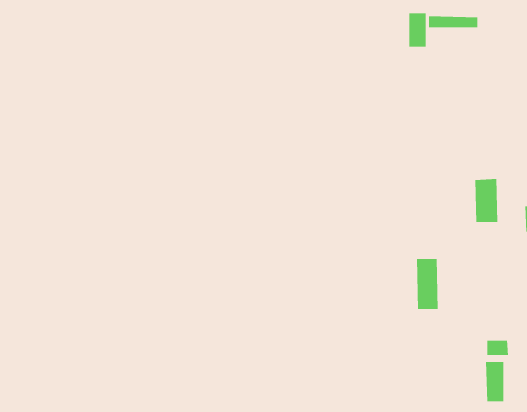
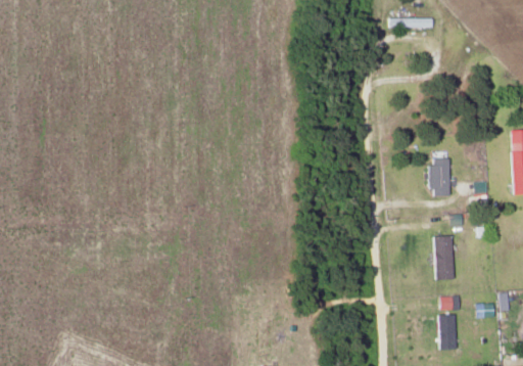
building: [409,12,426,48] -> none
building: [416,258,439,310] -> [434,235,454,279]

